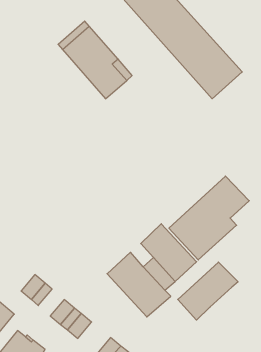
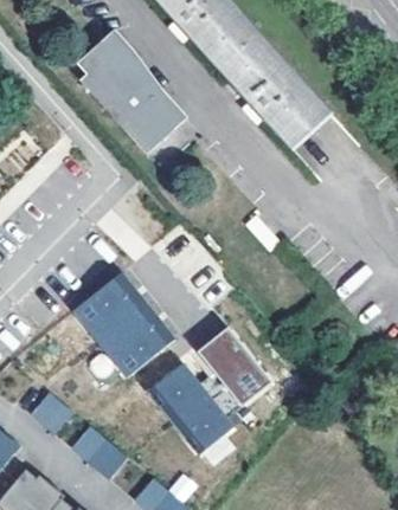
building: [169,176,249,260] -> none
building: none -> [71,272,173,377]
building: [178,262,238,320] -> none

